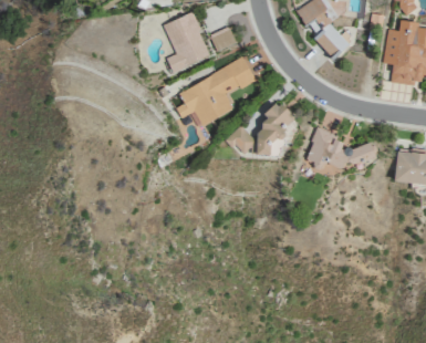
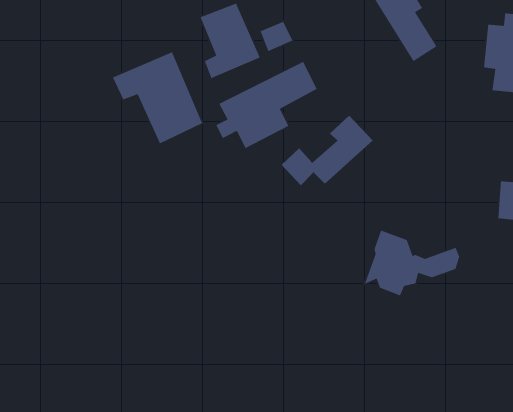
building: none -> [112,51,203,144]
building: [303,126,378,178] -> [363,230,460,297]

